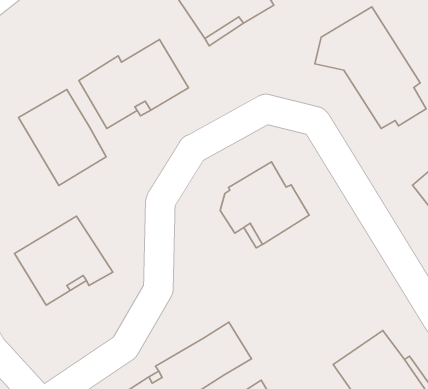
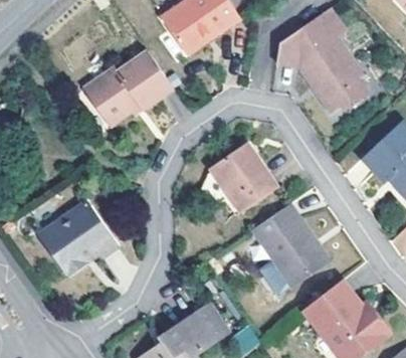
building: [19,89,106,186] -> none
building: none -> [252,205,330,290]

